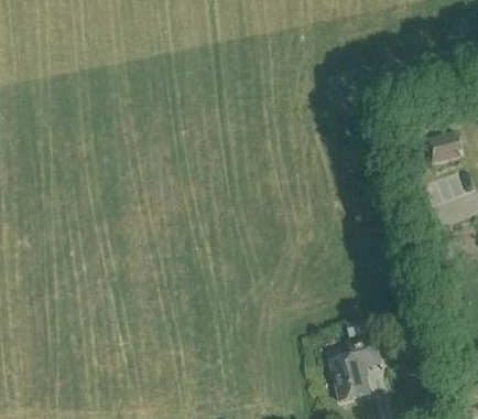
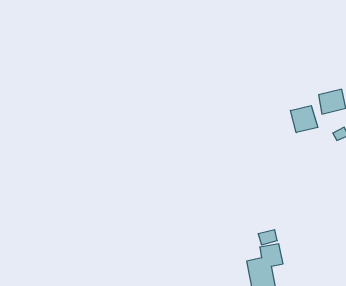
building: none -> [290,106,318,133]

